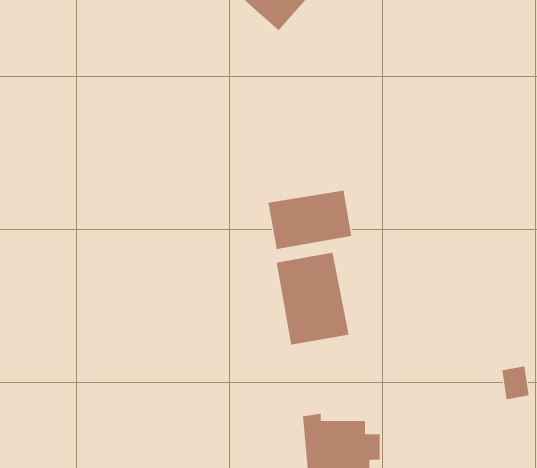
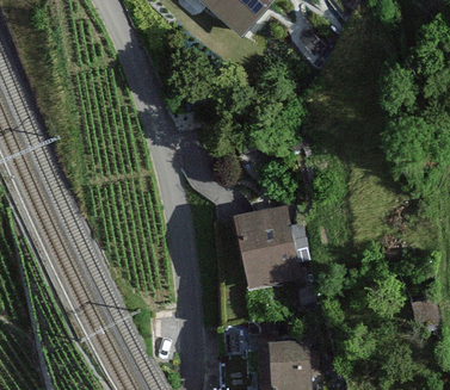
building: [268,190,352,250] -> none

